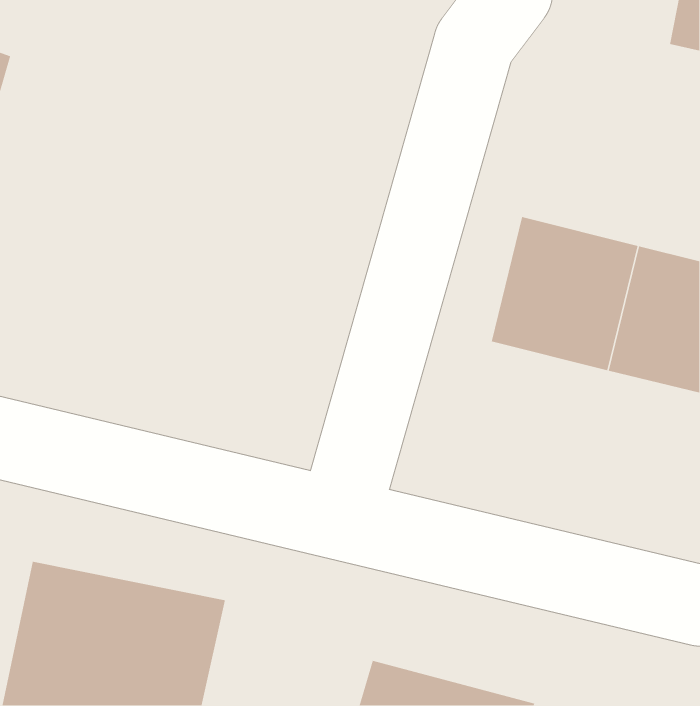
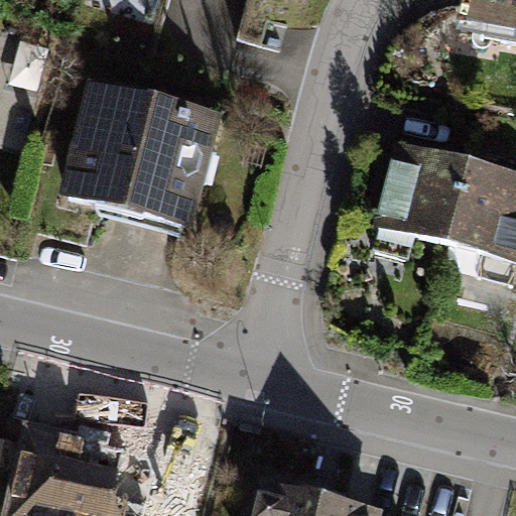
building: none -> [66,80,229,234]

